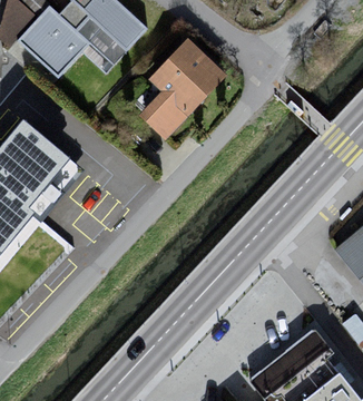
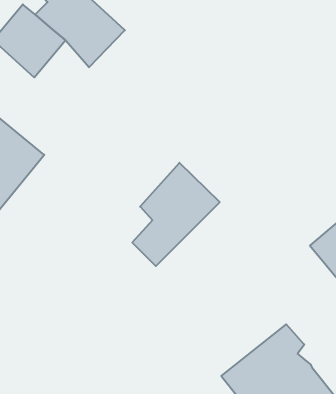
building: [145,38,232,140] -> [132,163,220,266]

